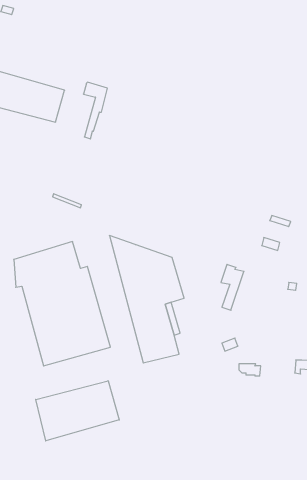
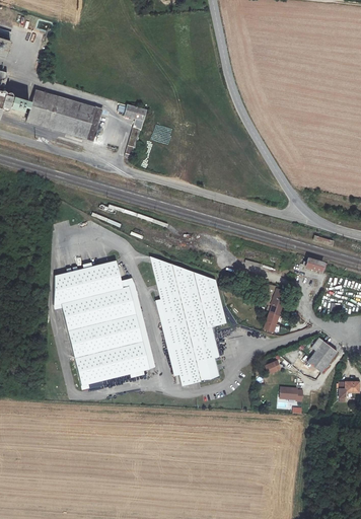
building: none -> [306,338,337,372]
building: [36,381,119,441] -> none

